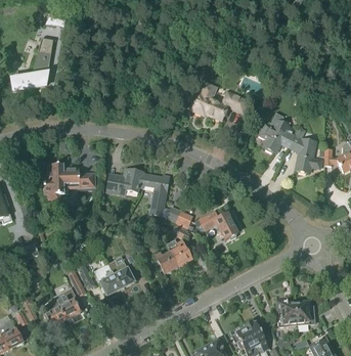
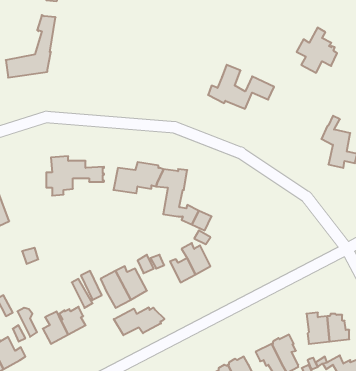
building: [258,114,294,153] -> [297,28,337,73]
building: [198,212,236,240] -> none
building: none -> [114,307,164,335]

